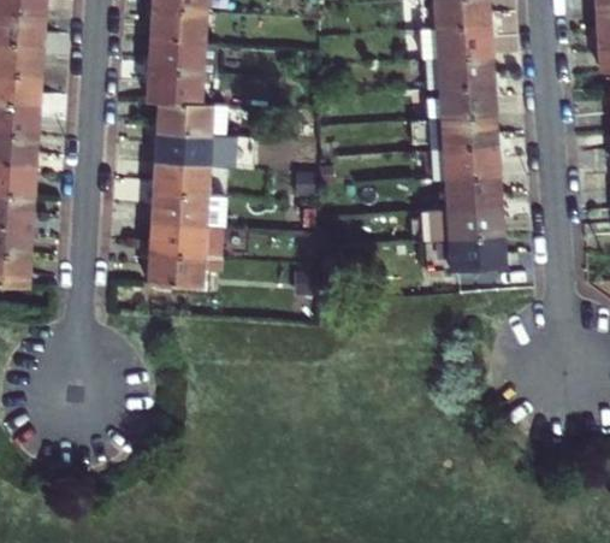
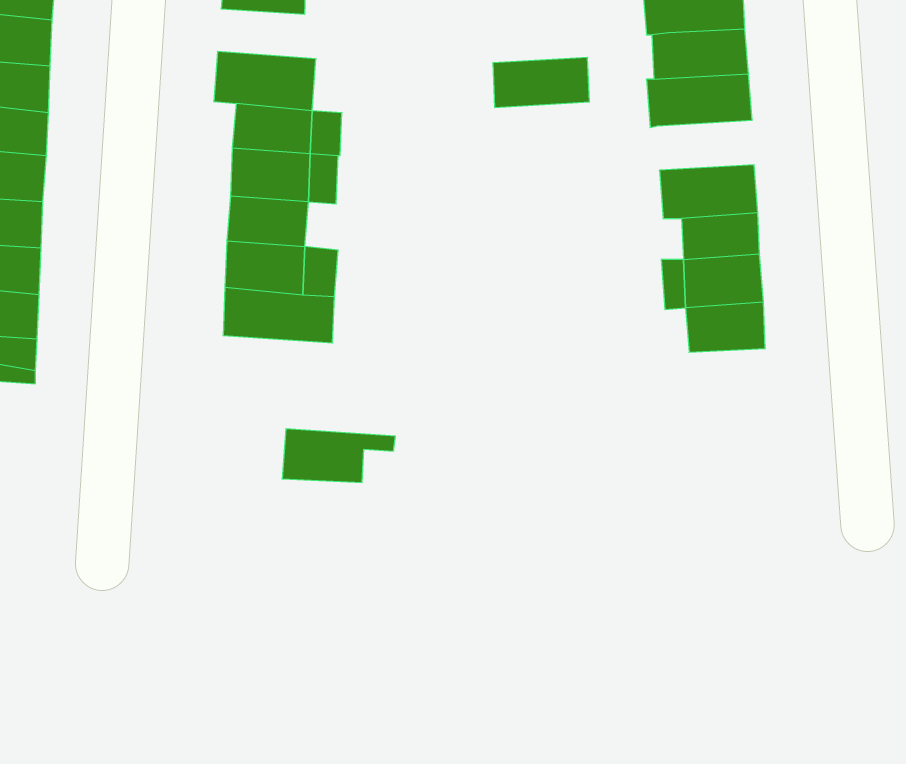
building: [148,36,213,69] -> none
building: [433,108,496,141] -> [493,57,589,108]
building: [149,248,223,283] -> [282,429,395,483]

